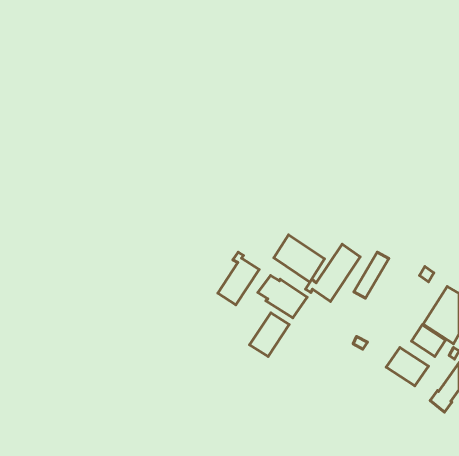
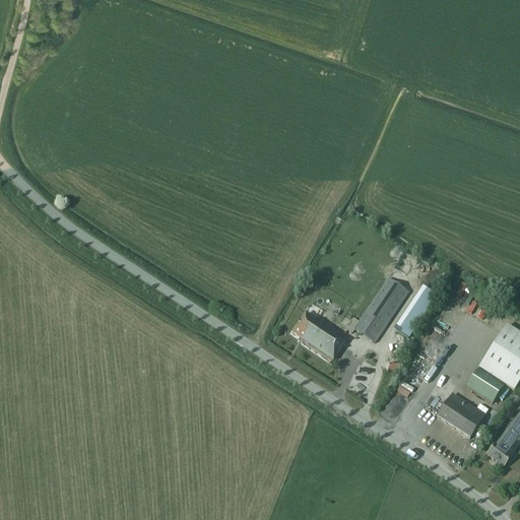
building: [274,235,325,282] -> none
building: [218,252,259,305] -> none
building: [250,313,289,356] -> none

